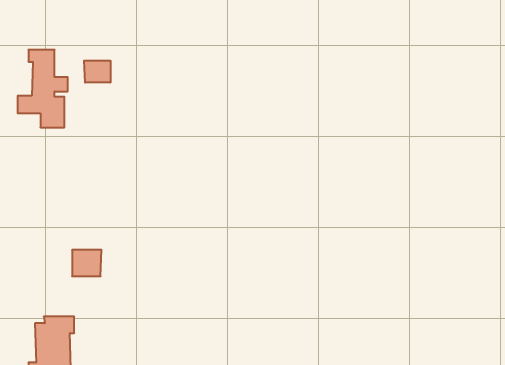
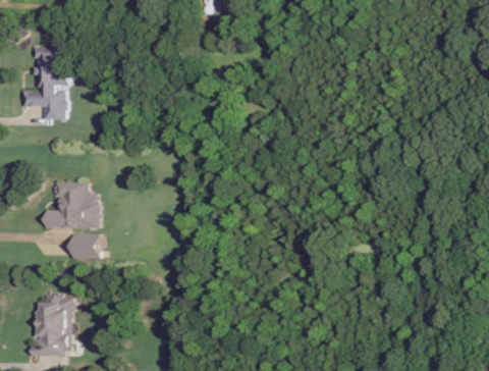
building: [84,61,110,83] -> none
building: none -> [45,182,99,227]

